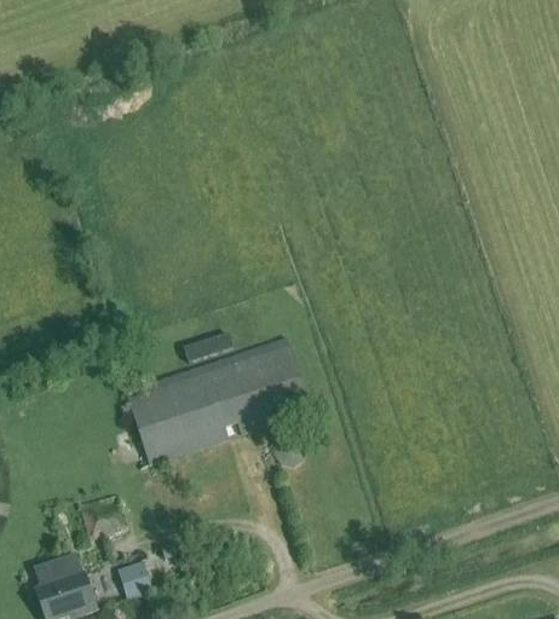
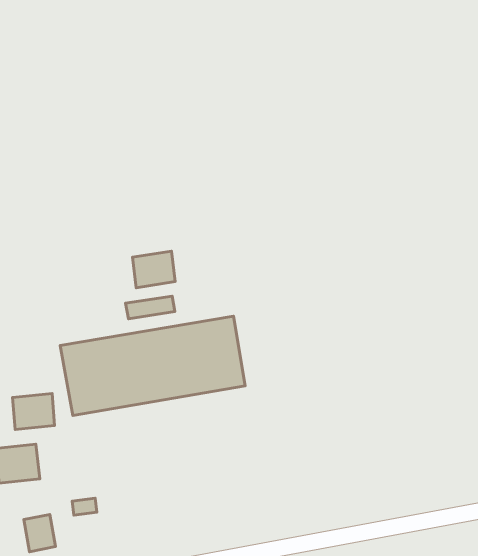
building: none -> [132,251,175,288]
building: none -> [13,393,54,429]

